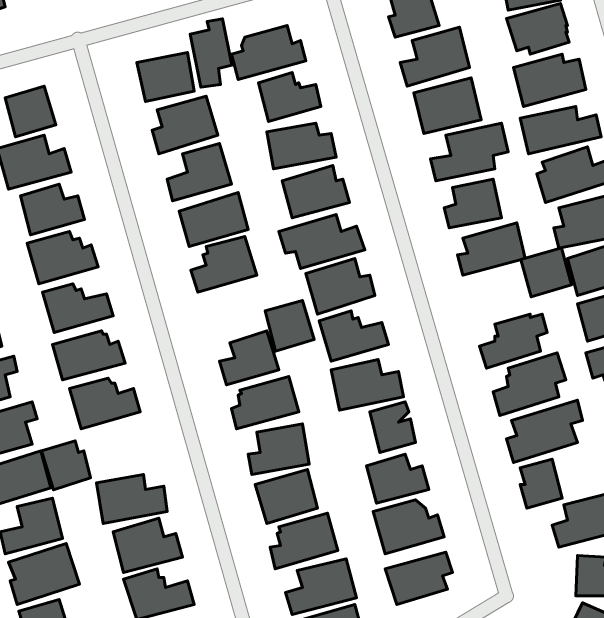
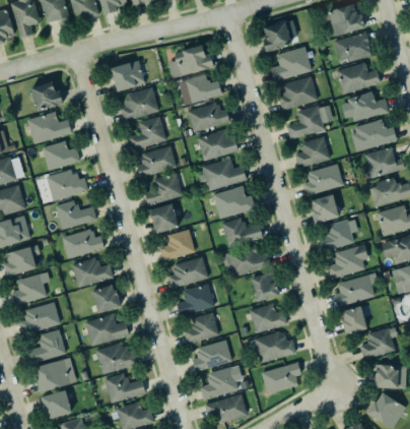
building: [190,19,232,87] -> none
building: [521,248,572,297] -> [310,194,340,224]
building: [265,301,314,351] -> [150,203,180,234]
building: [42,441,90,490] -> [90,285,120,314]

